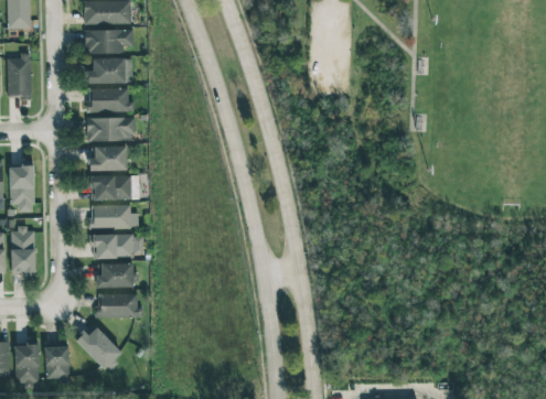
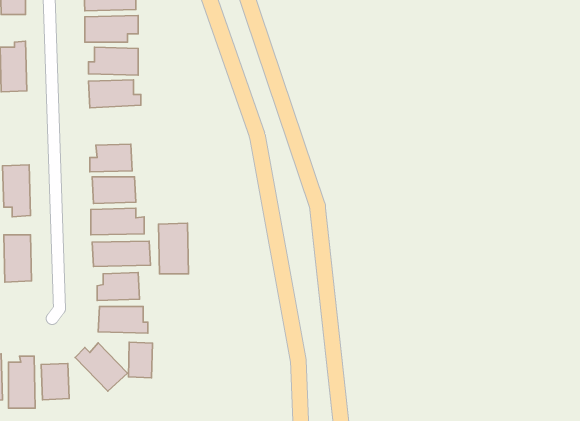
building: [86,117,135,141] -> none
building: none -> [159,223,189,274]
building: none -> [128,342,152,378]

